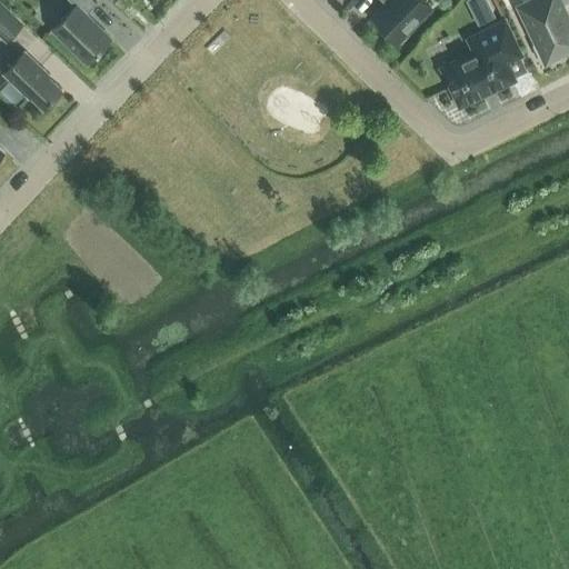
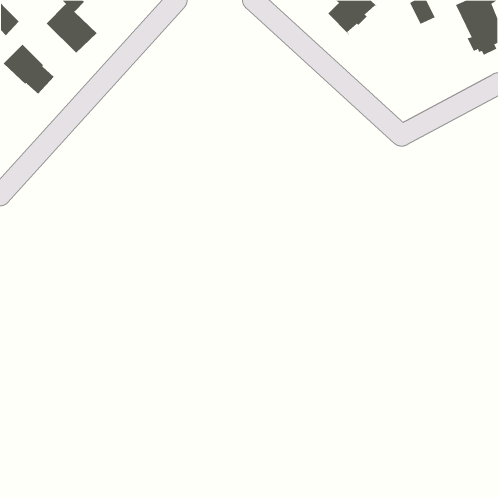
building: [445,23,519,107] -> none

